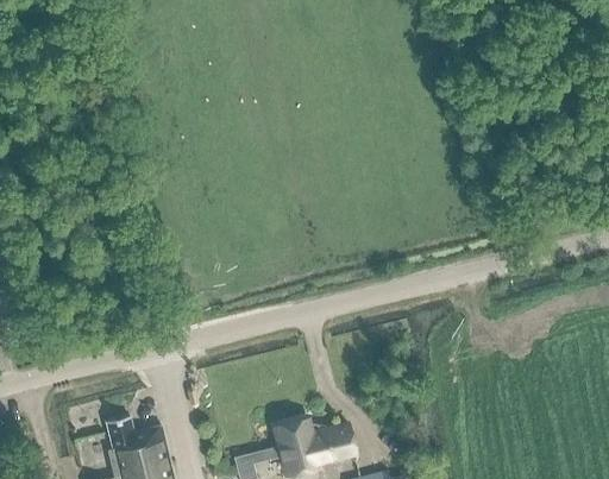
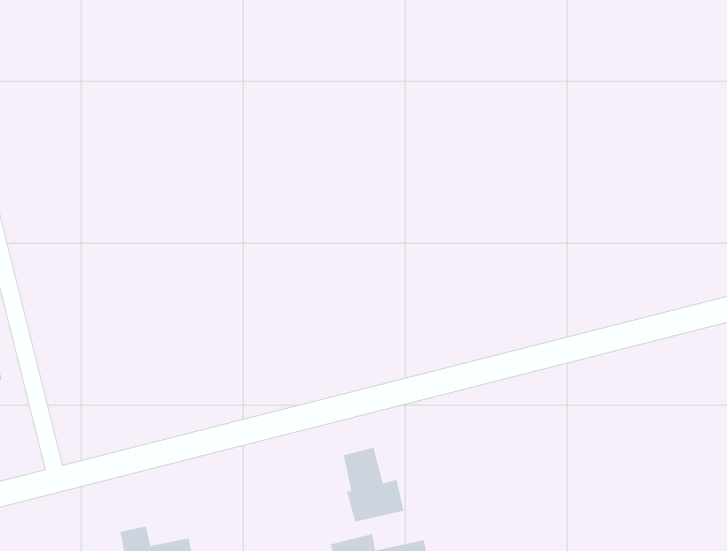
building: none -> [343,447,404,523]

